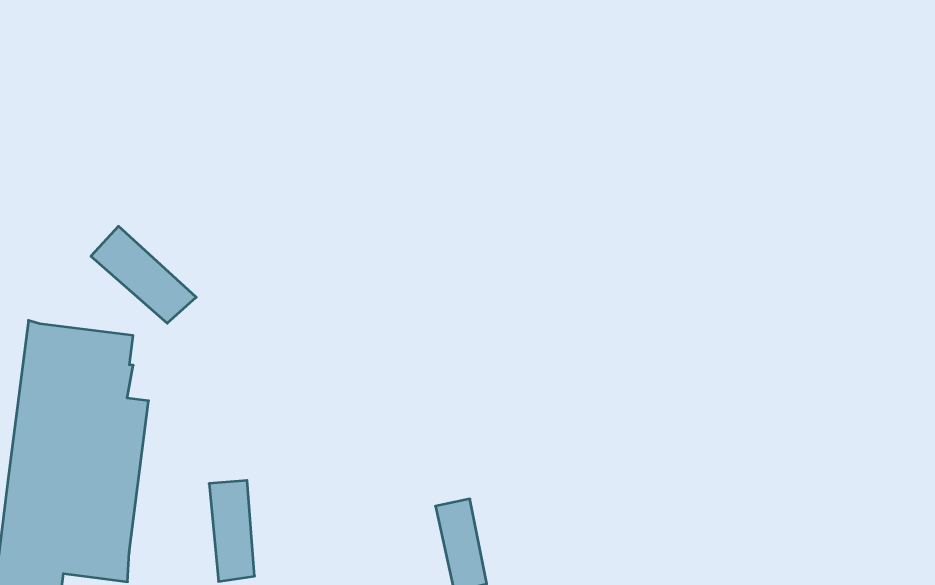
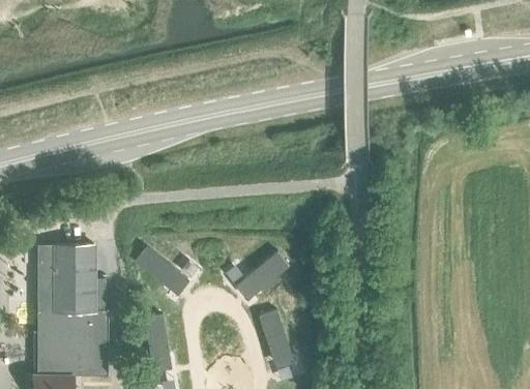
building: [91,226,196,323] -> [135,246,193,294]
building: none -> [240,251,291,298]

